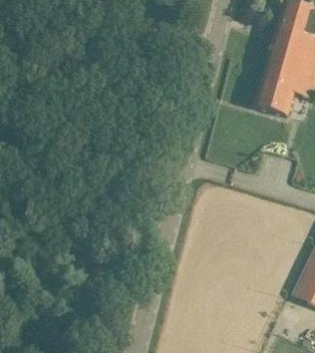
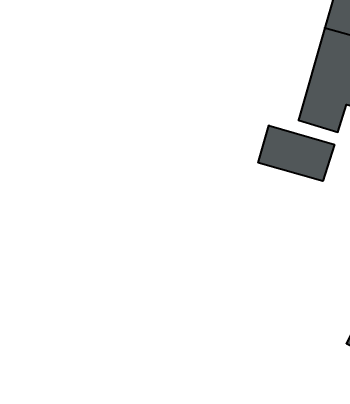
building: none -> [258,125,334,181]

